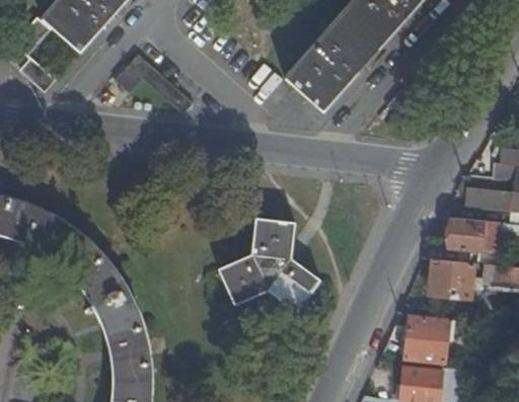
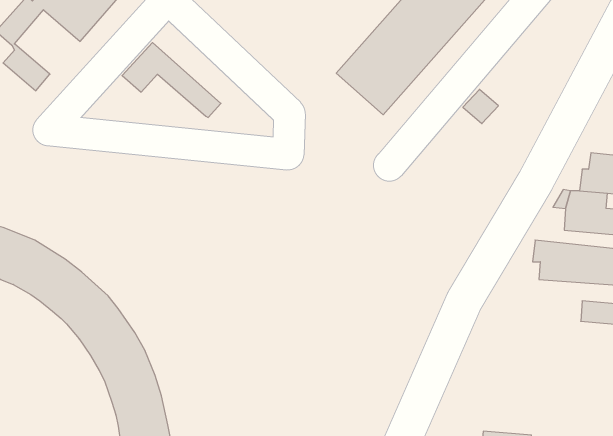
building: [220,221,320,314] -> none
building: [427,255,472,295] -> none
building: [403,313,452,358] -> none

